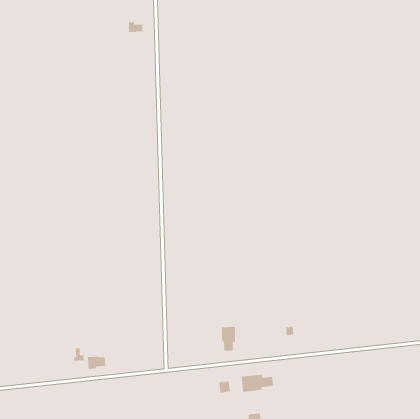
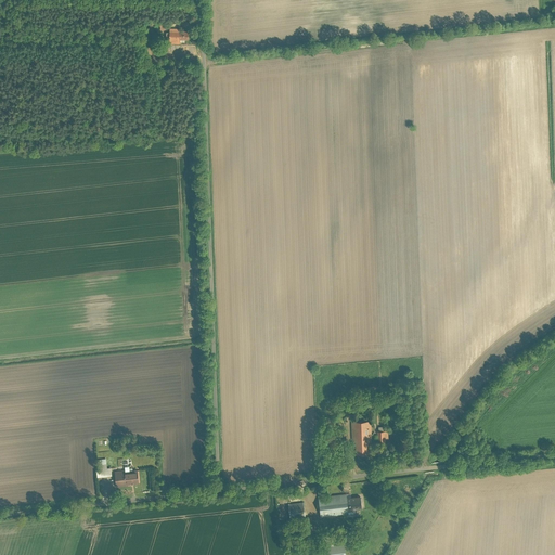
building: [221,326,236,352] -> [351,422,371,455]

